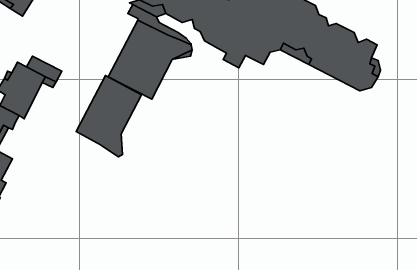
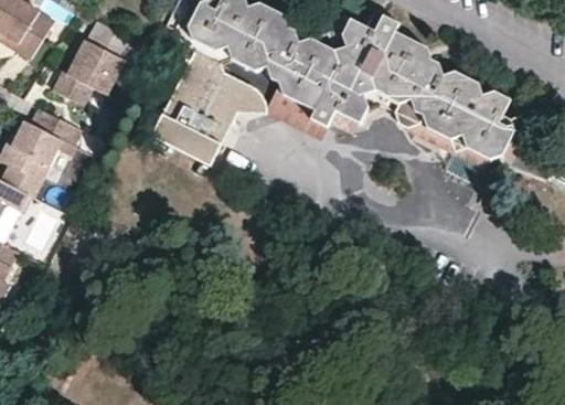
building: none -> [54,42,128,110]
building: [76,75,142,157] -> none

